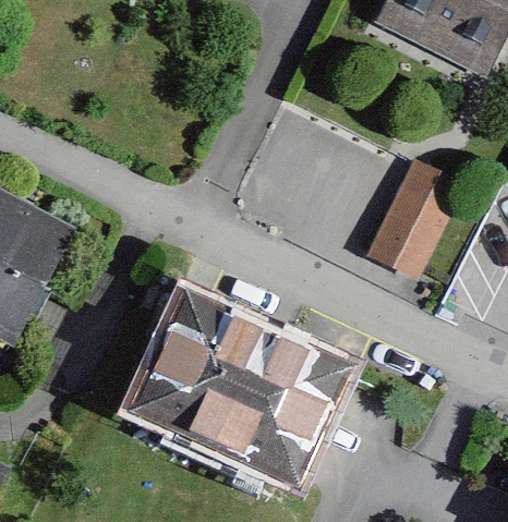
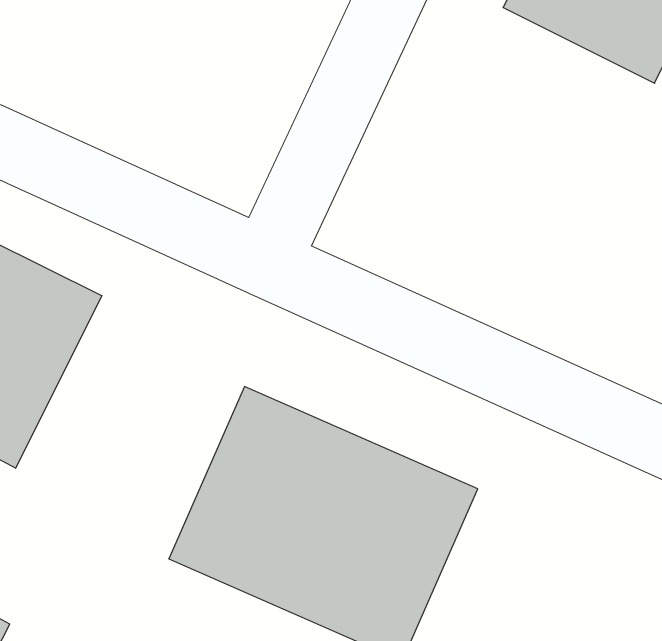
building: [364,157,463,276] -> none

